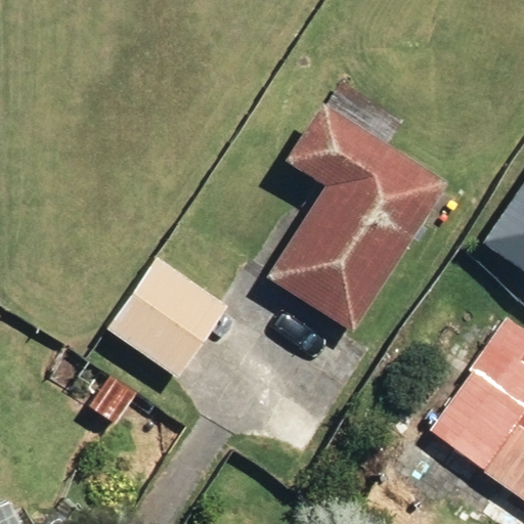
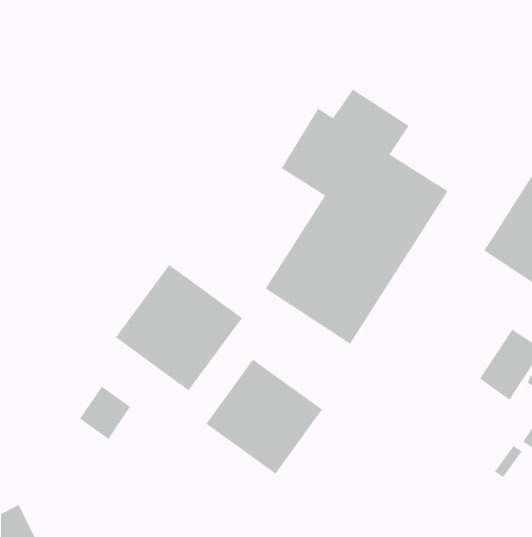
building: none -> [205,359,323,475]

